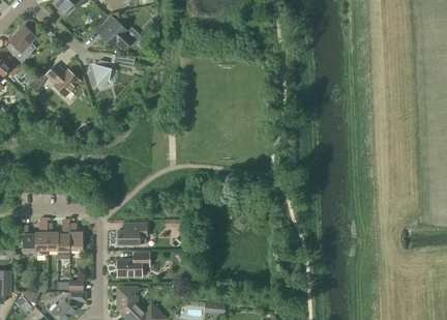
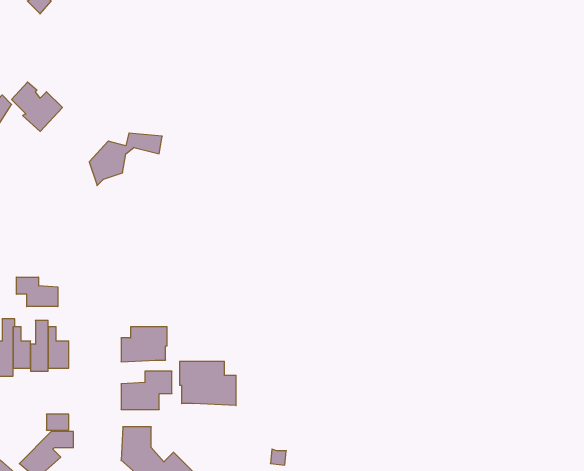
building: [99,16,132,49] -> none
building: [87,54,135,88] -> [89,133,162,186]
building: none -> [16,277,58,307]
building: none -> [180,361,236,406]

